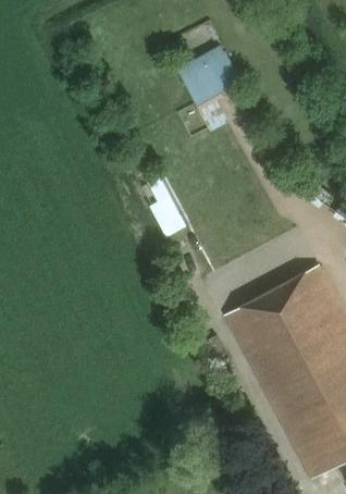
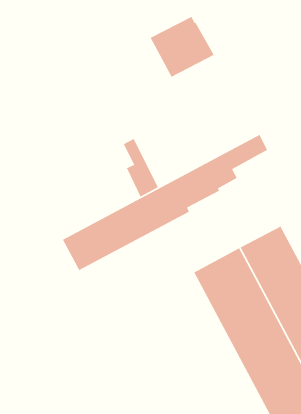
building: none -> [62,134,268,271]

